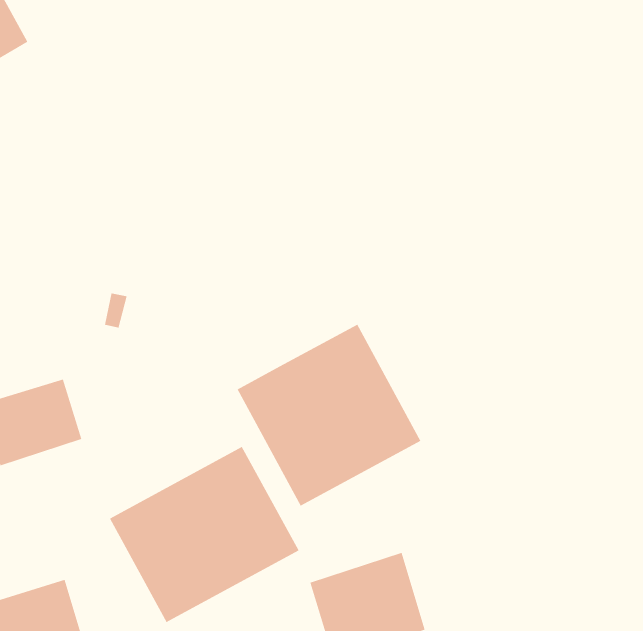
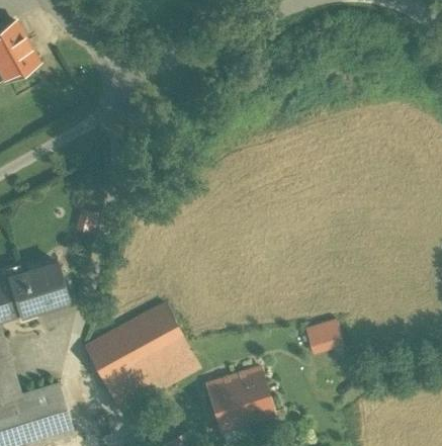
building: [237,324,421,506] -> none
building: none -> [306,320,345,353]

